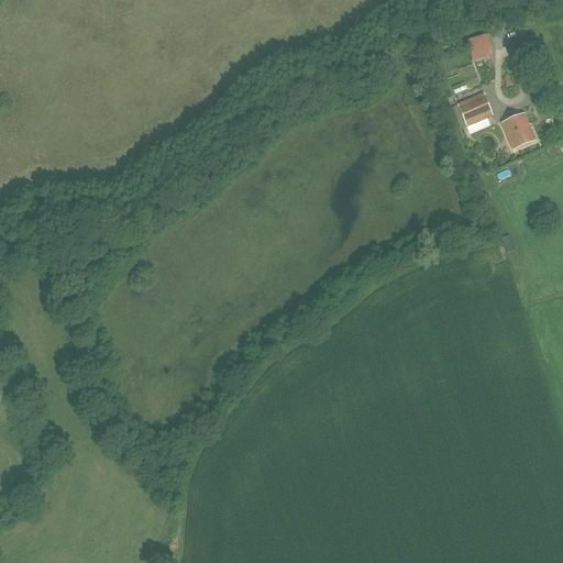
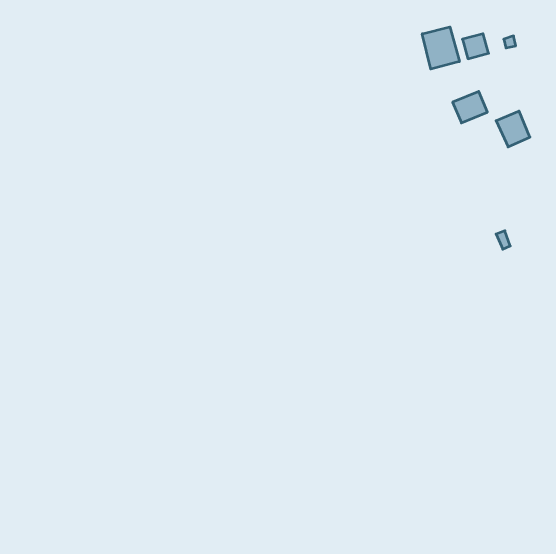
building: none -> [422,27,459,69]

